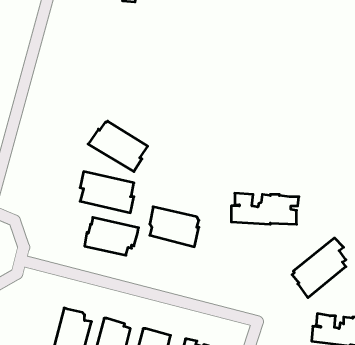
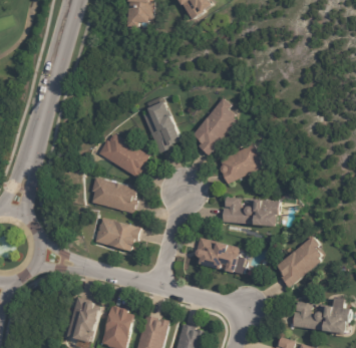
building: none -> [193,96,235,153]
building: none -> [141,98,182,151]
building: none -> [219,142,261,184]
building: [150,207,199,247] -> [195,238,238,273]

